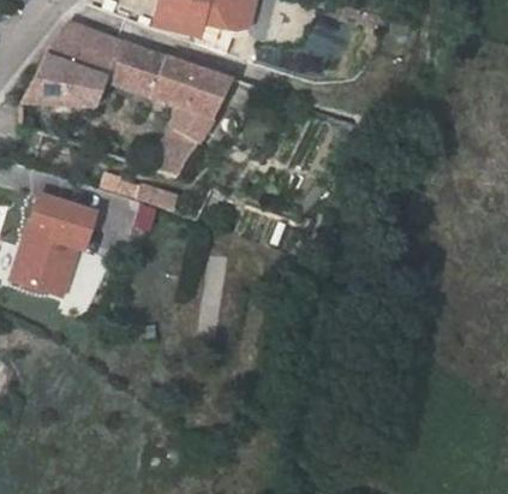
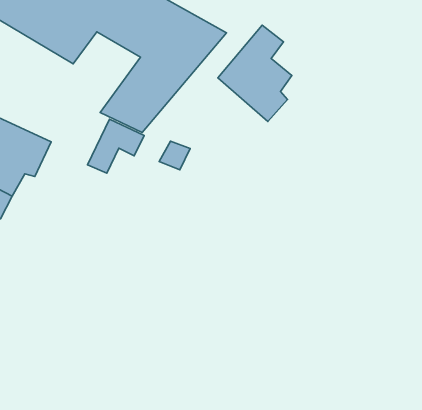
building: none -> [218,25,292,121]

